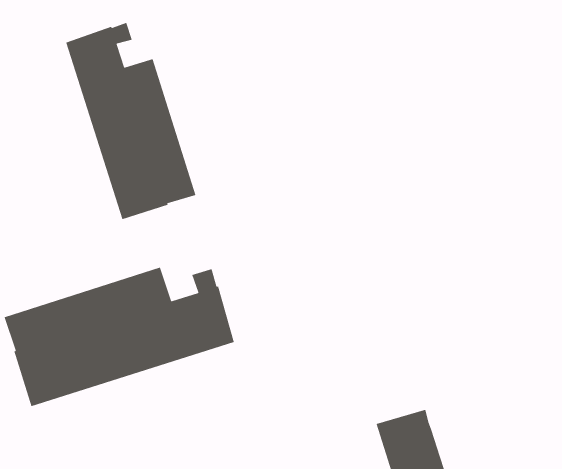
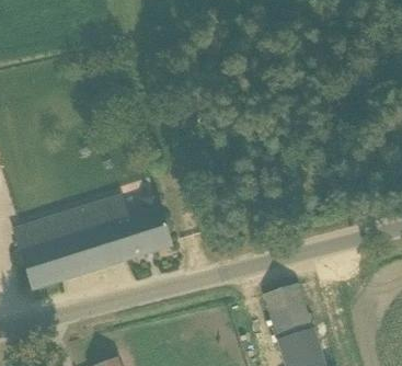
building: [65,22,197,220] -> none

